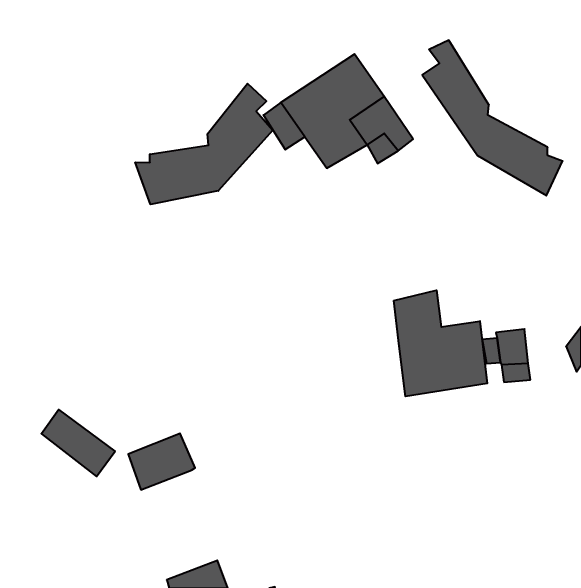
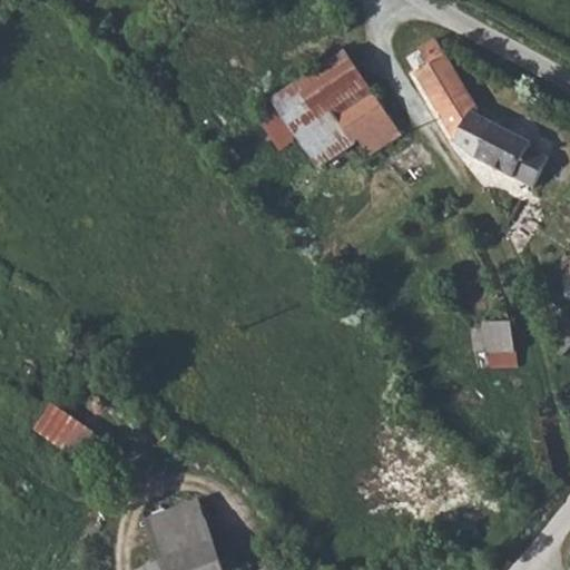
building: [135,84,273,204] -> none
building: [394,290,487,396] -> none
building: [128,433,195,490] -> [149,507,214,561]

